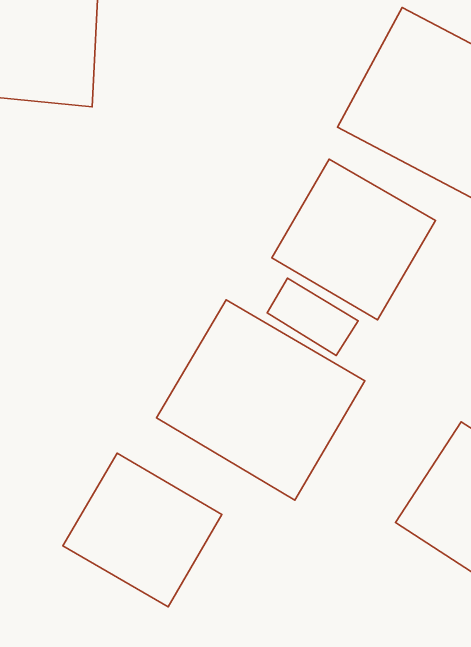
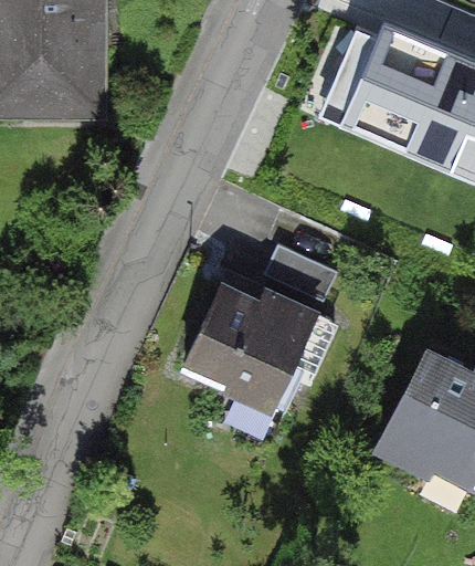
building: [272,159,436,320] -> none
building: [63,453,222,607] -> none

